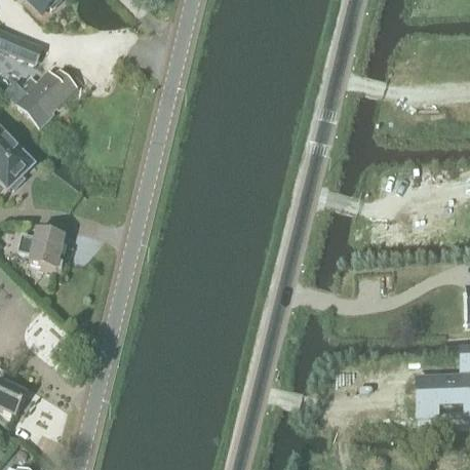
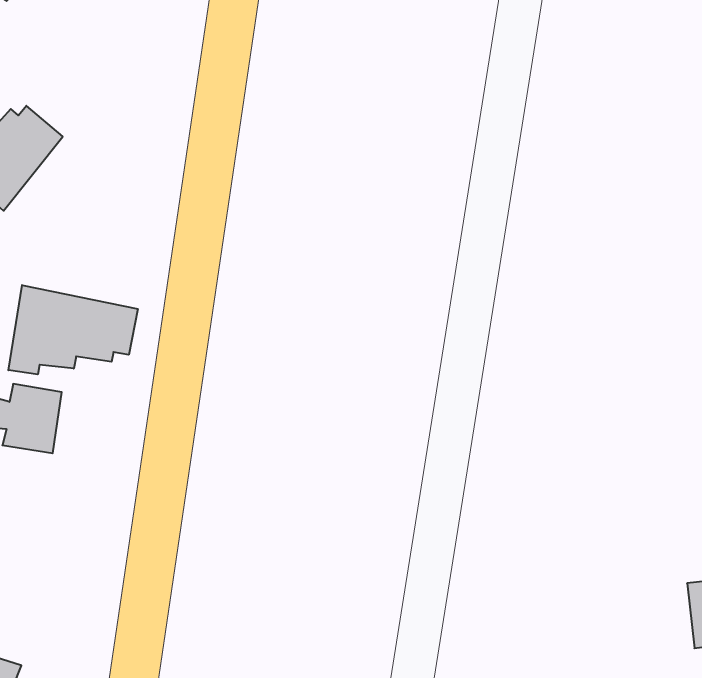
building: none -> [8,285,138,374]

